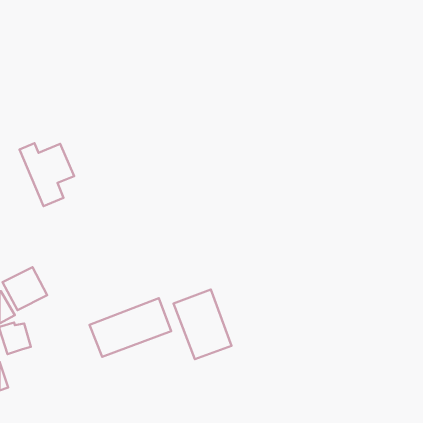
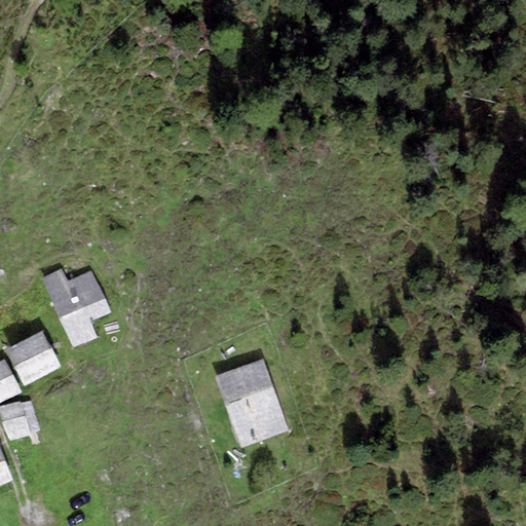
building: [19,143,74,206] -> [42,269,110,347]
building: [89,298,171,357] -> none

